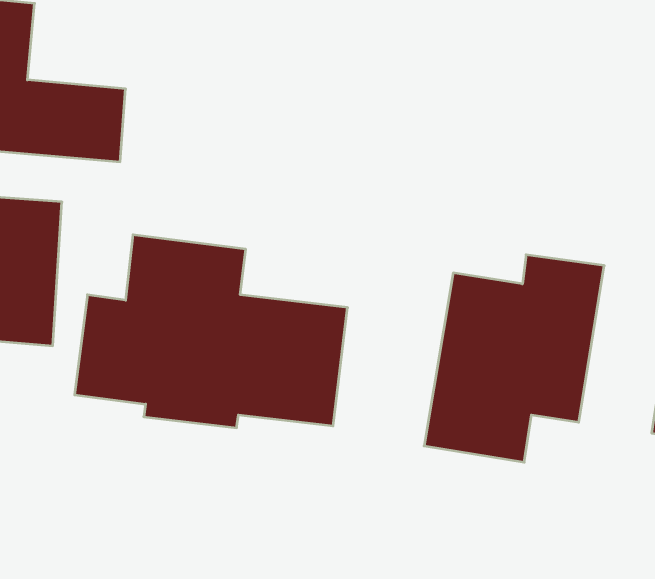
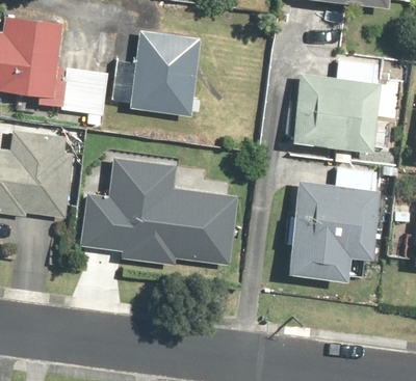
building: none -> [124,29,204,121]
building: none -> [287,59,382,151]

